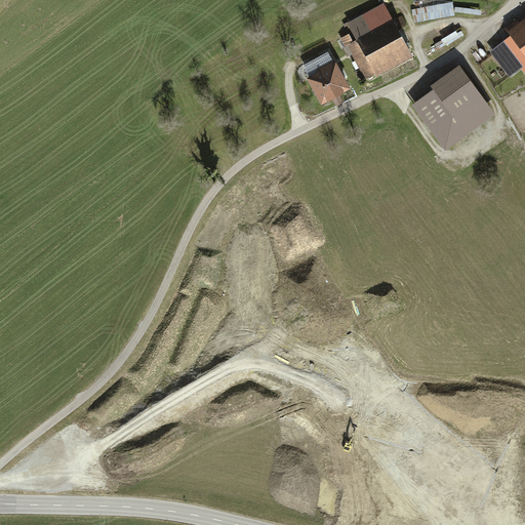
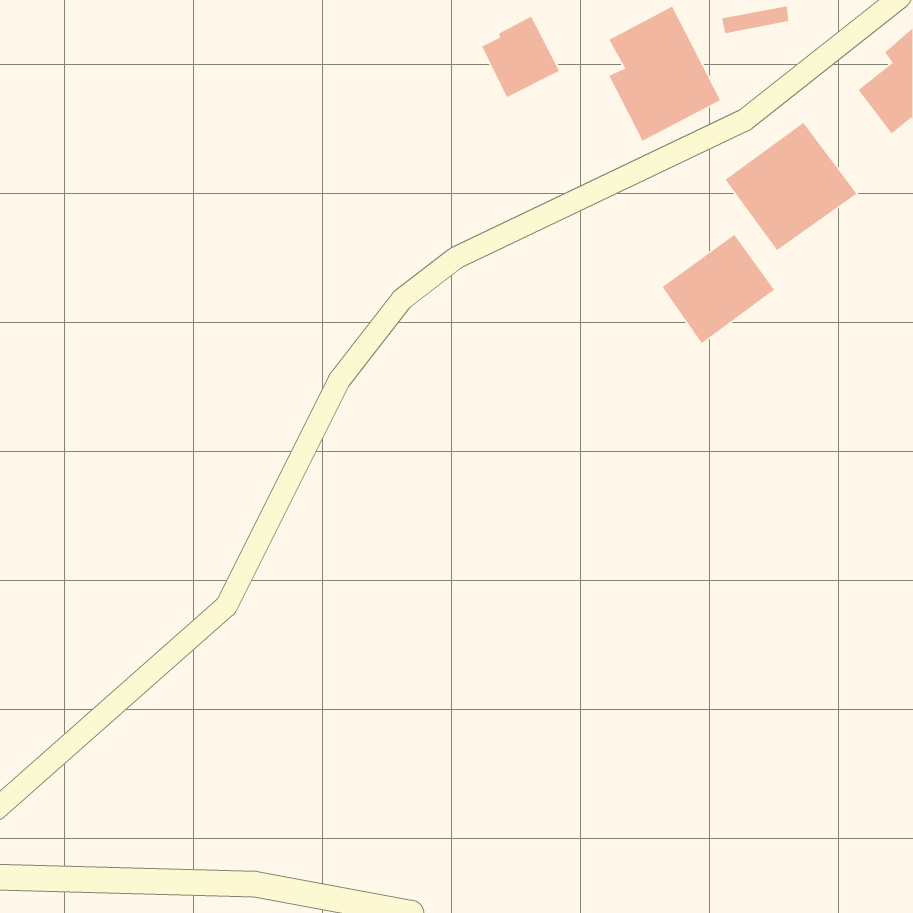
building: [308,58,353,106] -> [481,16,560,98]
building: none -> [661,234,775,344]

